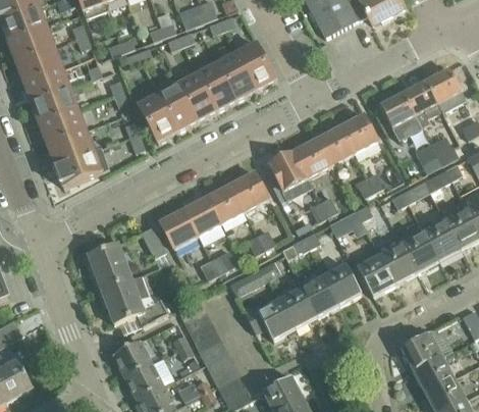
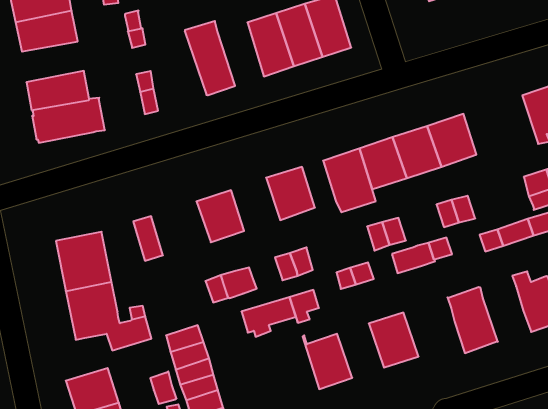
building: [174,67,216,121] -> none
building: [135,89,177,142] -> none
building: [380,93,421,140] -> none
building: [40,109,87,145] -> none
building: [207,184,246,224] -> none
building: [159,209,199,250] -> none
building: [401,230,439,272] -> none
building: [355,254,394,296] -> none
building: [301,275,338,316] -> none
building: [245,293,295,340] -> none

